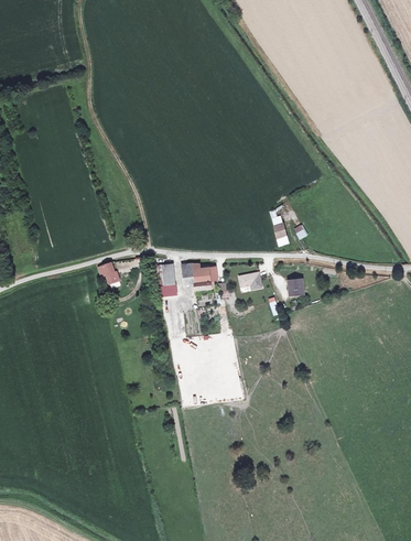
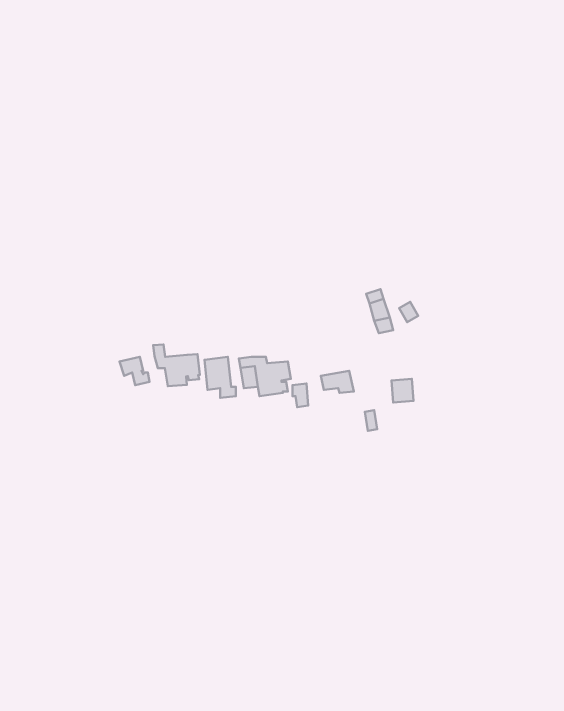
building: none -> [153,344,200,386]

